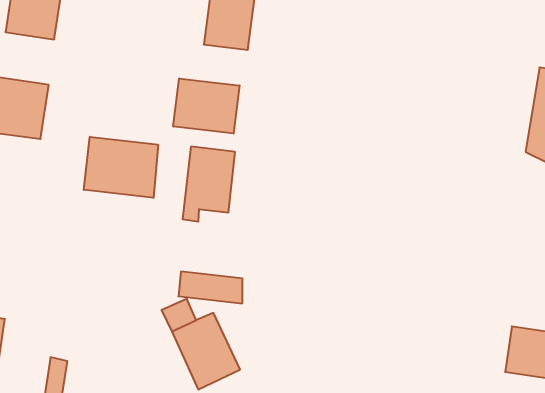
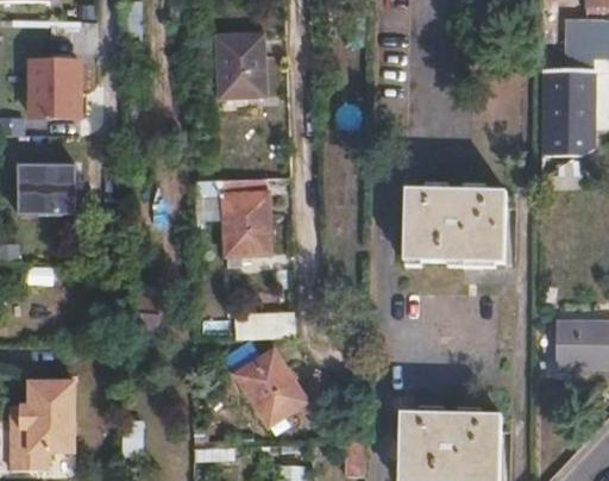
building: [173,78,240,134] -> none
building: [84,137,158,198] -> none
building: none -> [406,194,506,266]

